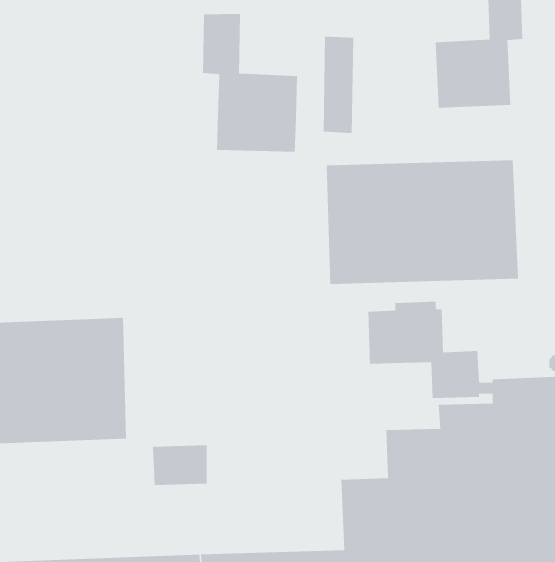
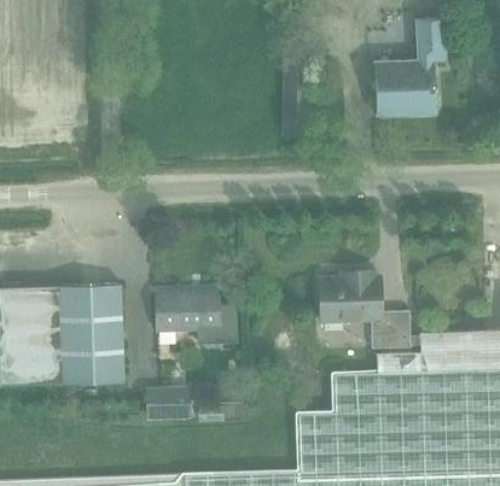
building: [203,13,298,153] -> none
building: [326,159,519,285] -> none
building: none -> [155,292,236,344]

